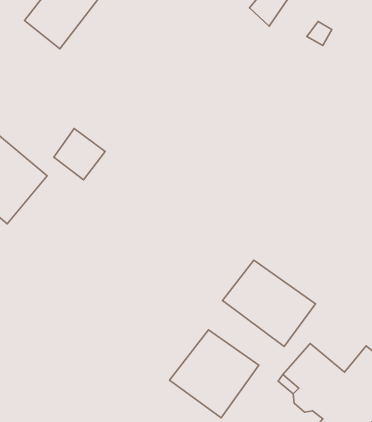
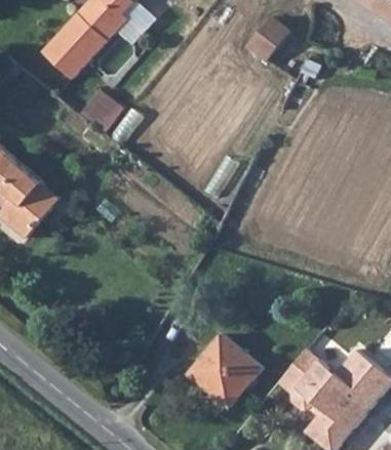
building: [54,129,105,180] -> [83,88,129,134]
building: [222,260,316,346] -> none

